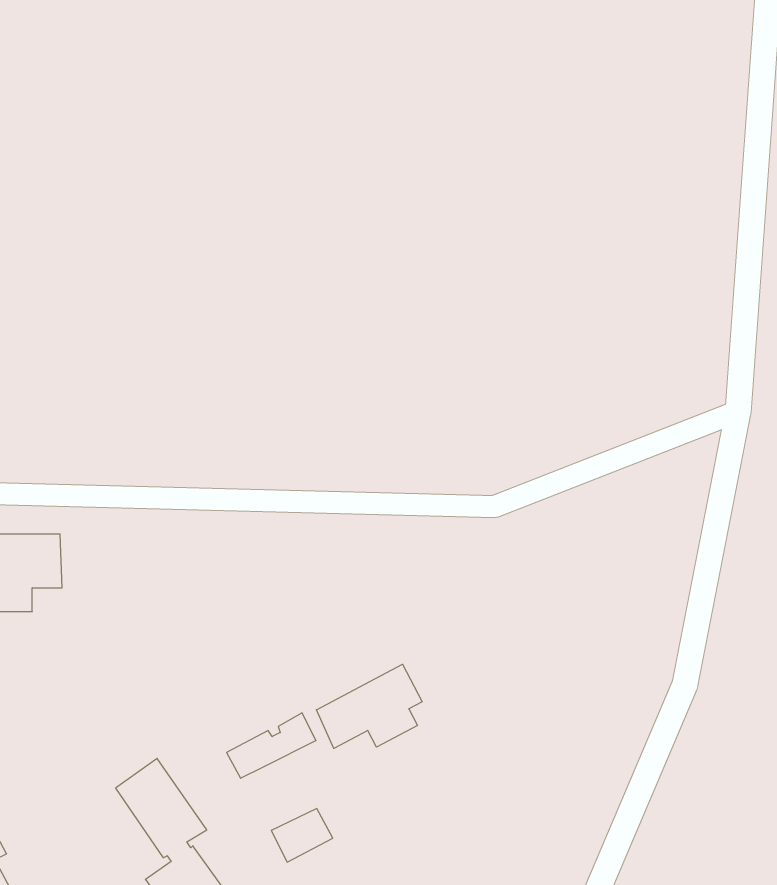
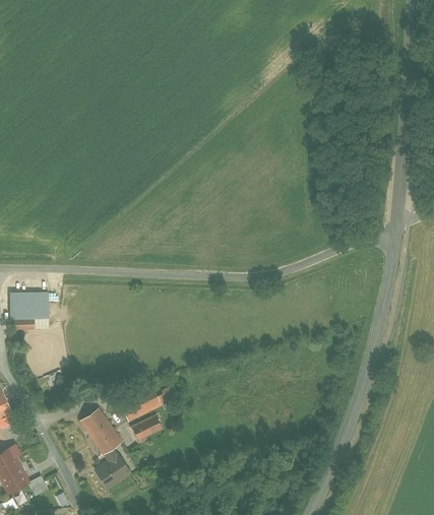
building: [316,664,422,748] -> none
building: [271,809,333,862] -> [130,414,162,442]

